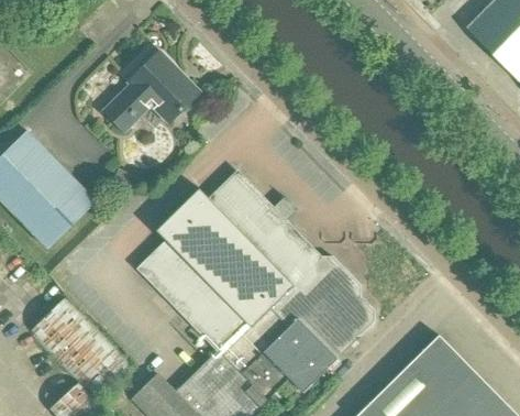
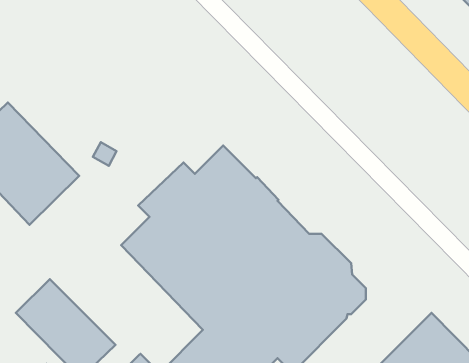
building: [103,52,192,131] -> none

